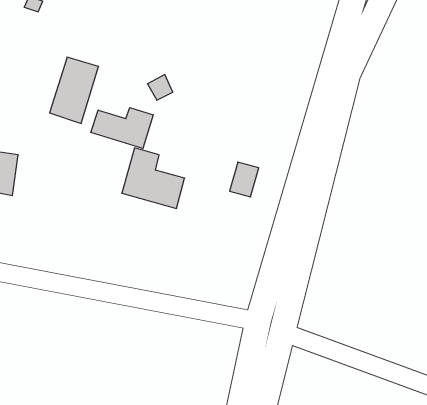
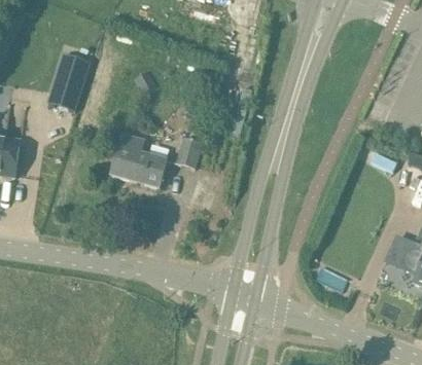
building: [91,108,153,149] -> none
building: [230,162,259,197] -> [176,137,202,168]

